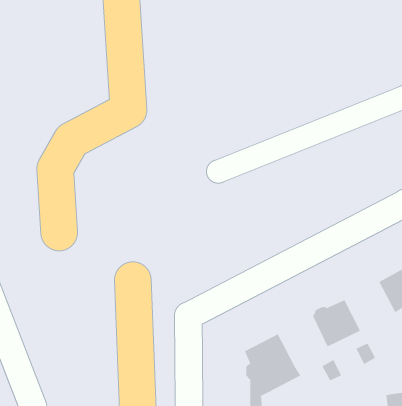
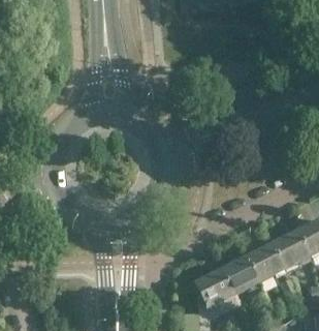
building: none -> [272,231,310,268]
building: none -> [221,257,258,294]

